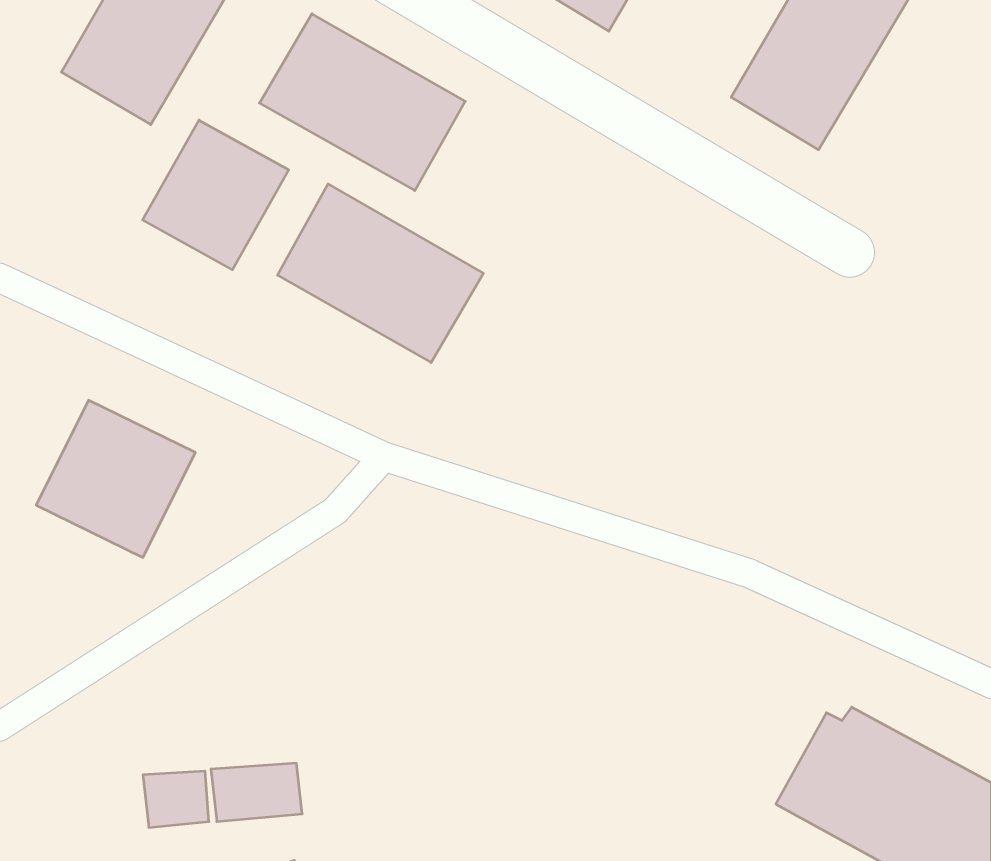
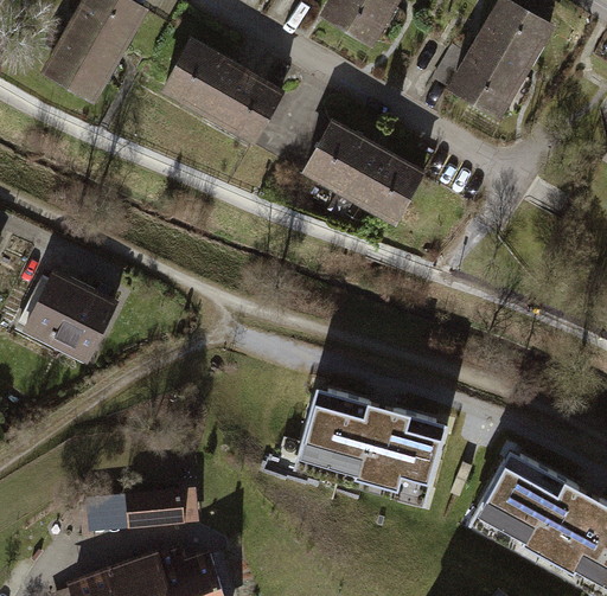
building: [143,120,289,270] -> none
building: [278,184,483,363] -> [301,116,427,225]
building: none -> [301,399,434,496]

